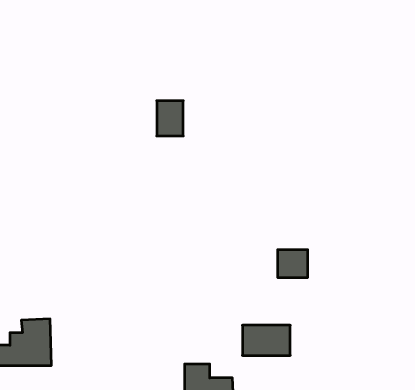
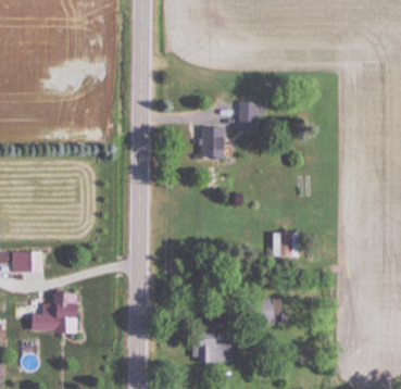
building: none -> [240,100,268,129]
building: [157,101,183,136] -> [201,126,224,156]

